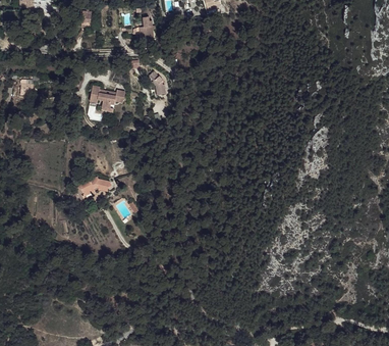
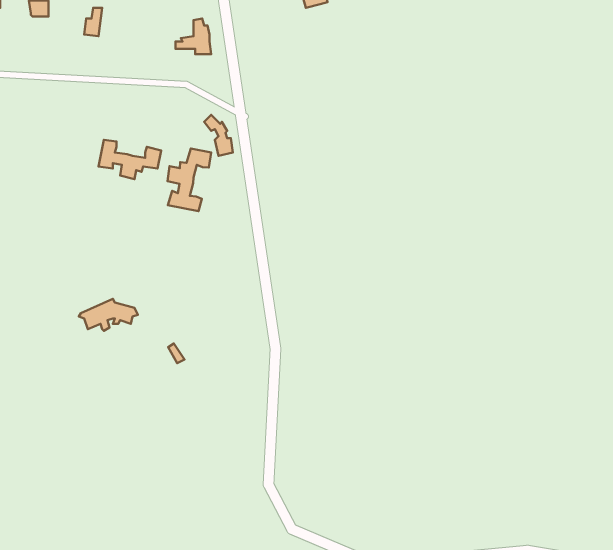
building: none -> [167,149,211,211]

